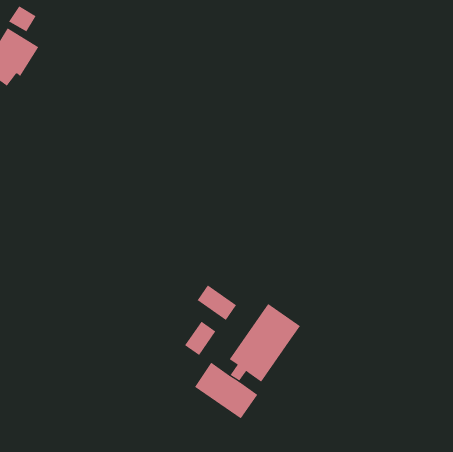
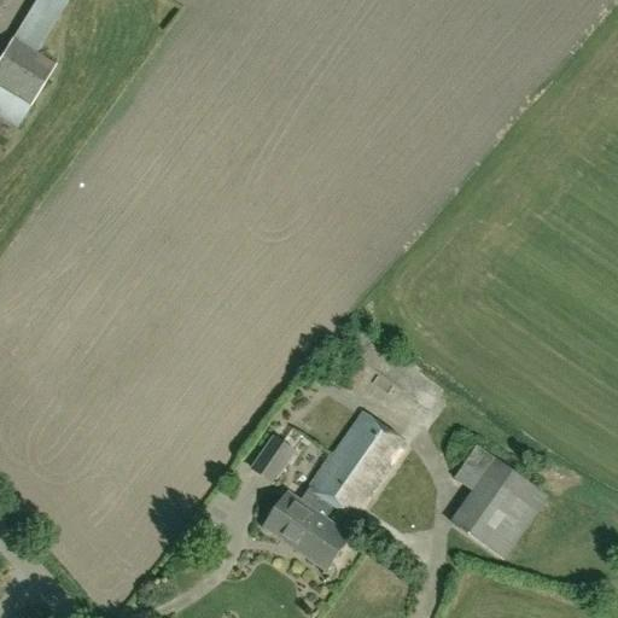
building: [197,284,237,321] -> none
building: none -> [449,443,548,556]

